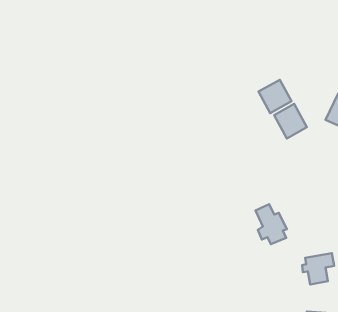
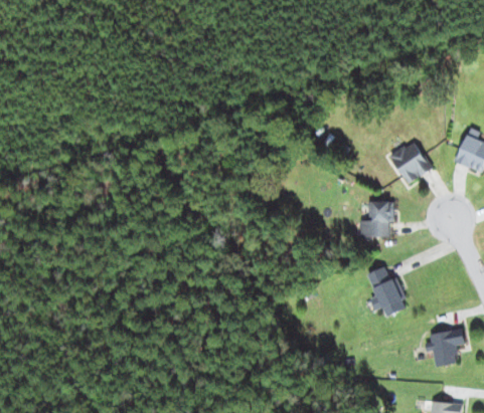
building: [258,80,291,113] -> none
building: none -> [360,201,394,237]

